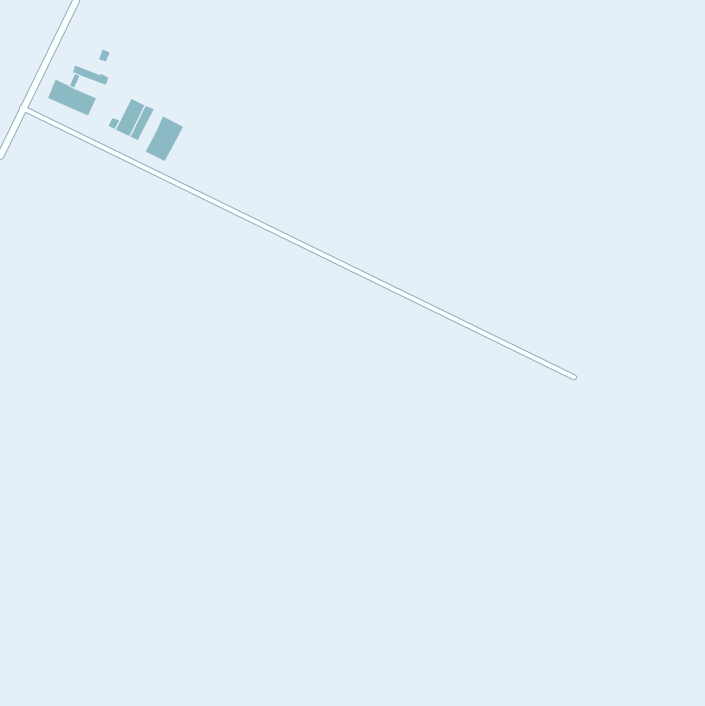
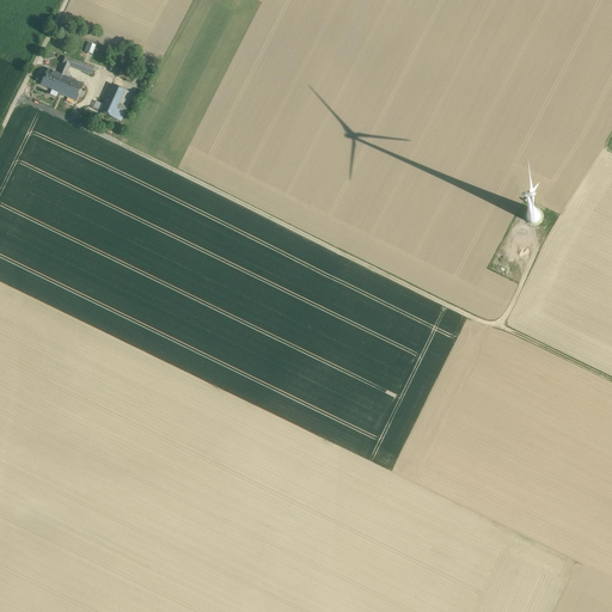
building: [145,116,184,162] -> none

